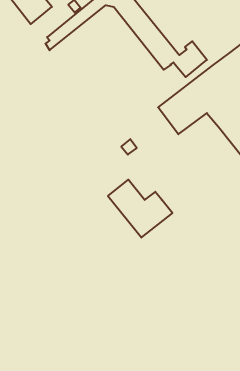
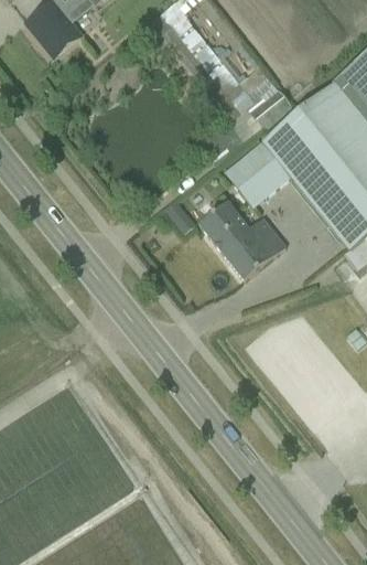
building: [108,180,172,238] -> [198,200,285,278]

